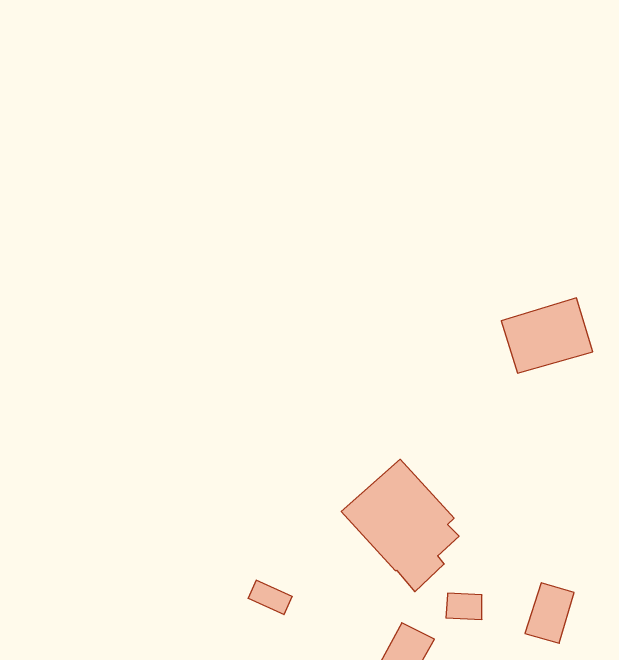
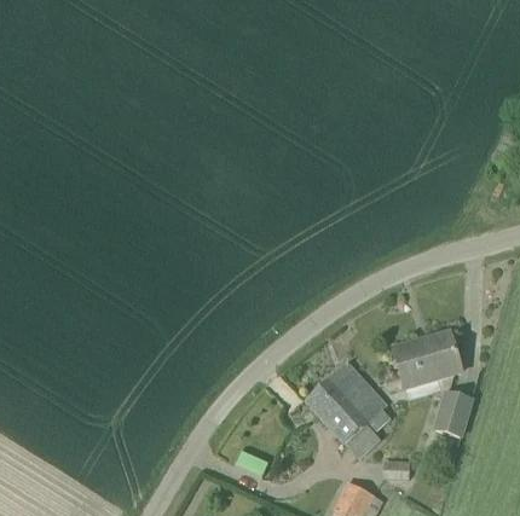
building: [501,298,593,373] -> [393,331,461,387]
building: [525,583,574,643] -> [434,392,470,436]

